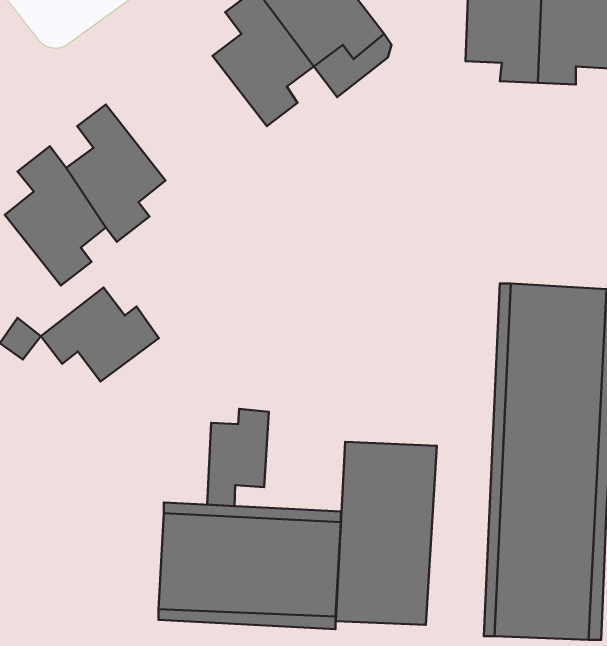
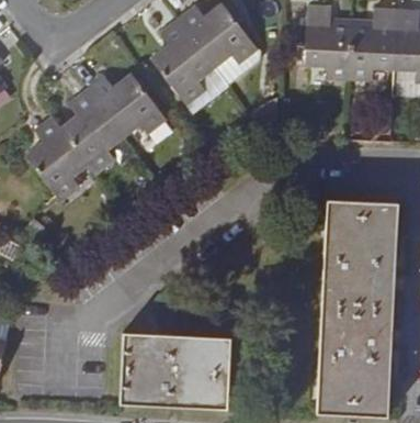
building: none -> [87,75,164,136]
building: [41,288,159,381] -> none
building: [207,409,269,506] -> none
building: [336,442,437,625] -> none

